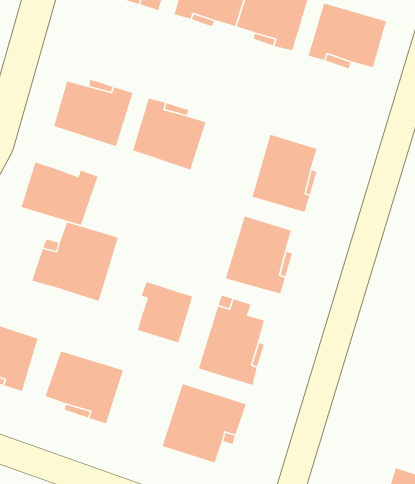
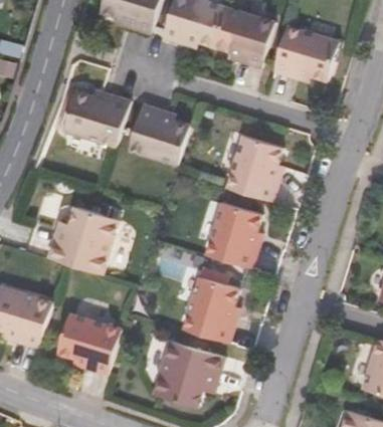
building: [20,162,98,226] -> none
building: [137,281,193,343] -> none

